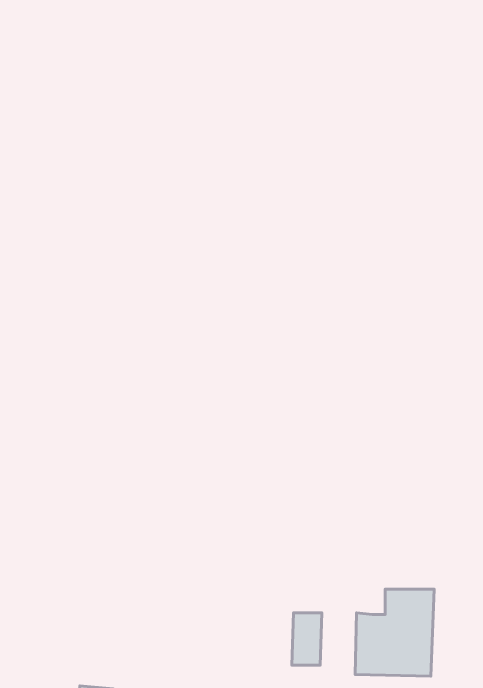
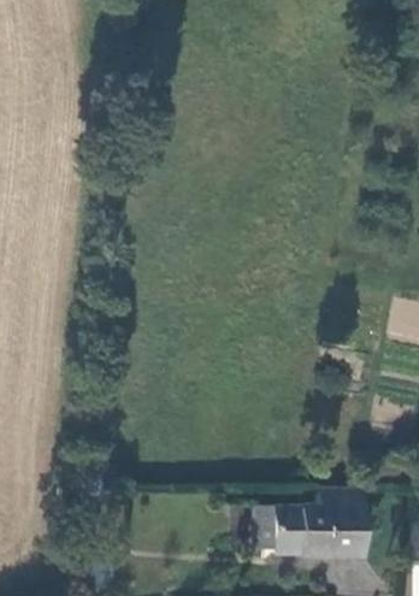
building: none -> [278,508,307,555]

